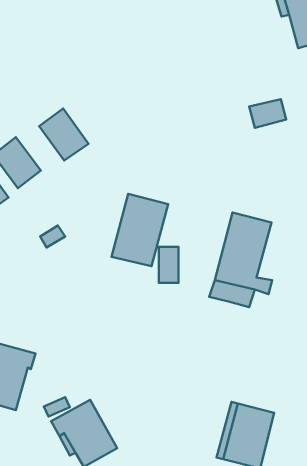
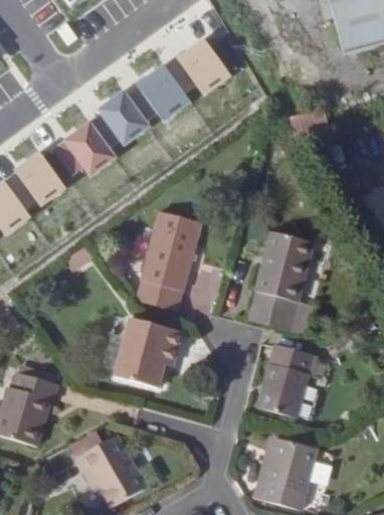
building: none -> [173,35,230,95]
building: none -> [135,62,188,119]
building: none -> [97,90,148,144]
building: none -> [135,280,184,313]
building: none -> [115,317,181,387]
building: none -> [257,344,314,417]

